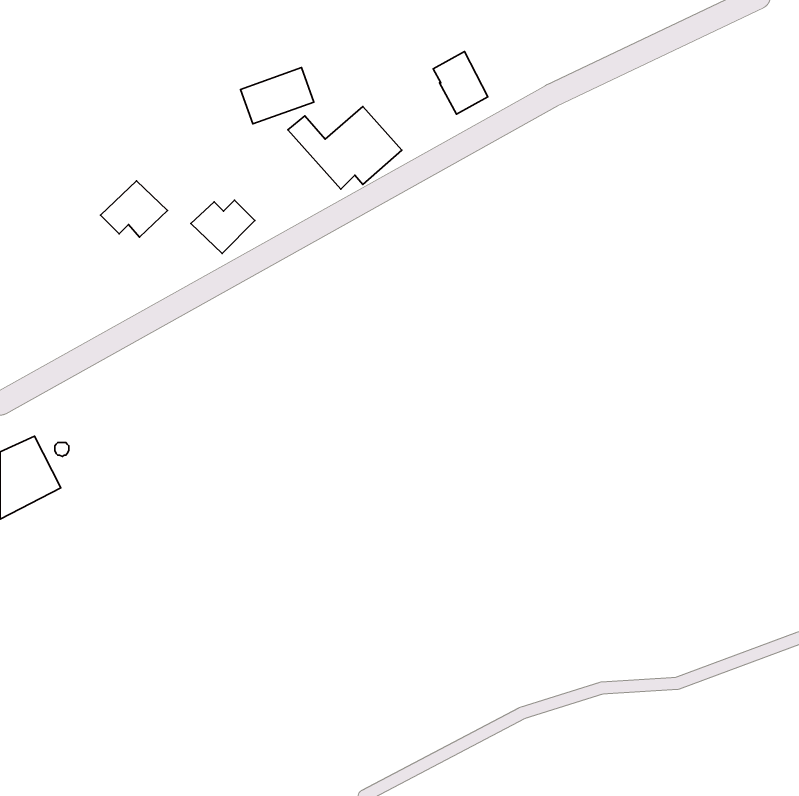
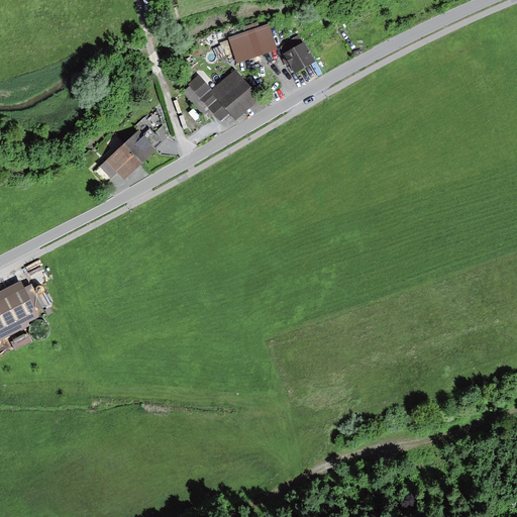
building: [240,68,314,124] -> [227,25,275,62]
building: [100,181,168,237] -> [100,144,143,181]

